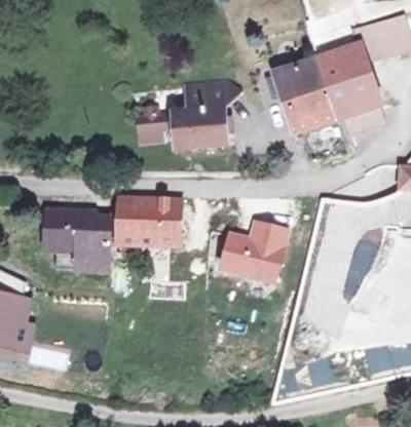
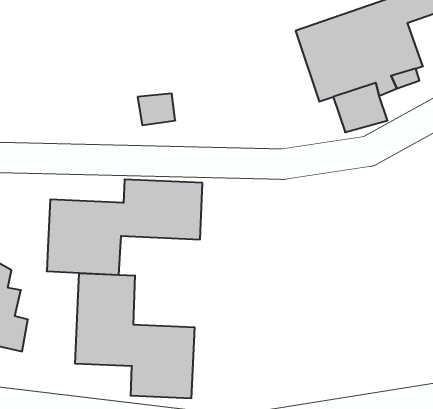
building: [176,78,239,159] -> none
building: [219,214,287,275] -> none
building: none -> [75,273,195,398]

